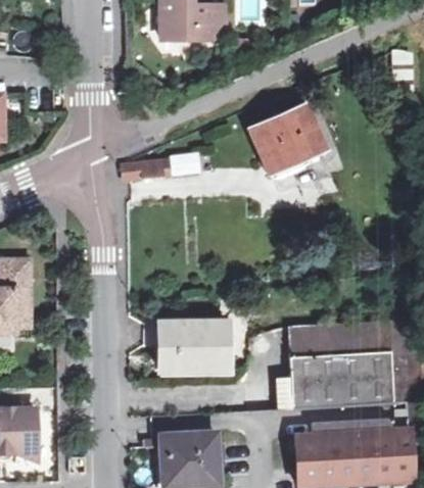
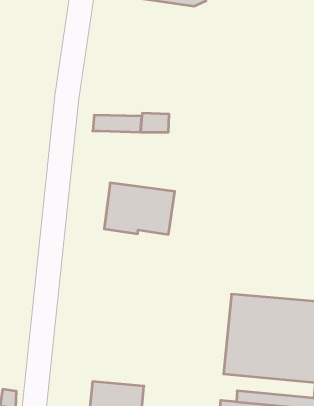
building: [251,105,324,172] -> none
building: [159,324,227,373] -> [104,183,175,234]

